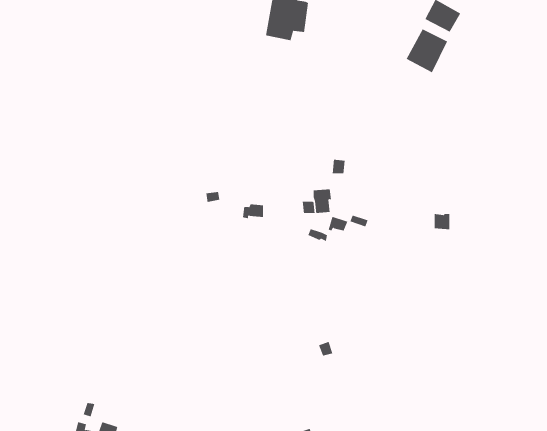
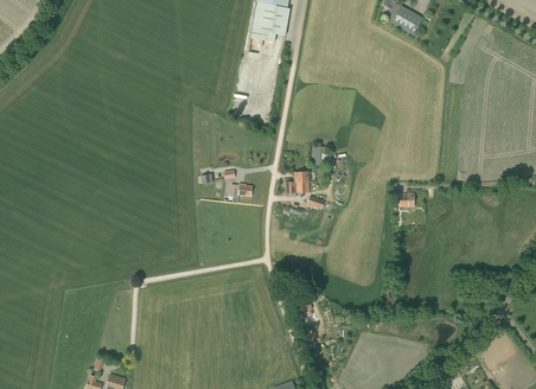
building: [406,28,448,73] -> none

